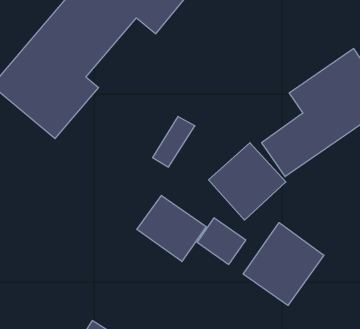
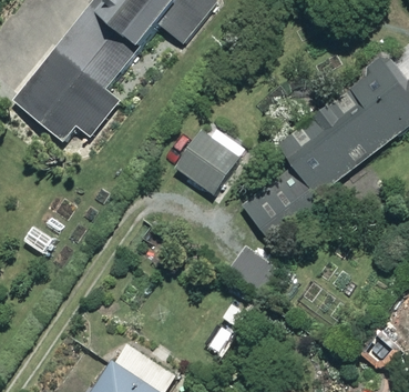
building: [137,195,206,262] -> none
building: [243,223,324,305] -> none

